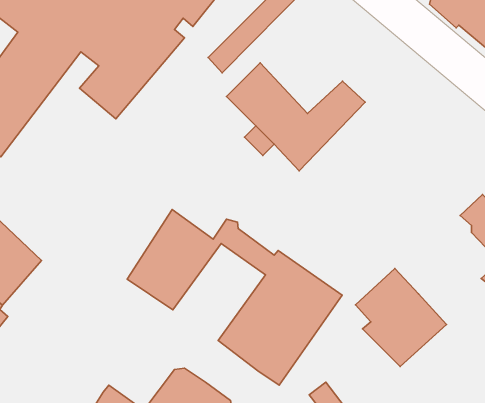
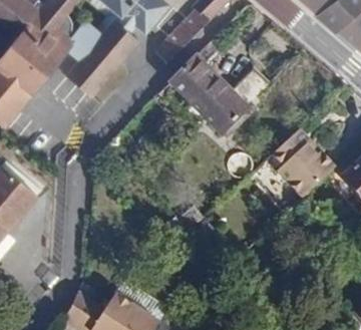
building: [127,210,342,385] -> none
building: [355,269,446,367] -> [269,128,334,199]

